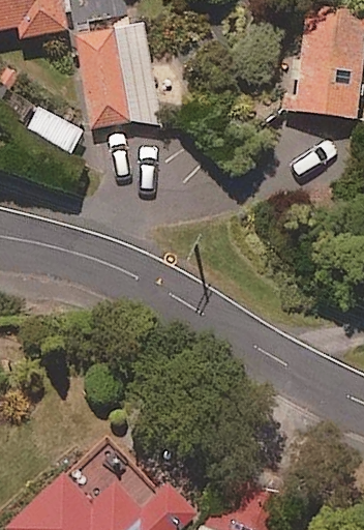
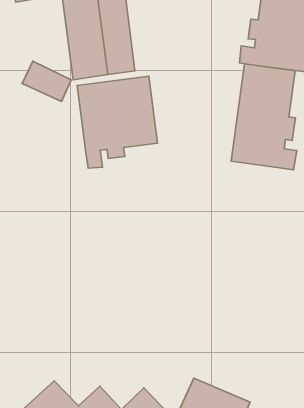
building: none -> [231,64,297,170]
building: none -> [77,76,157,168]

